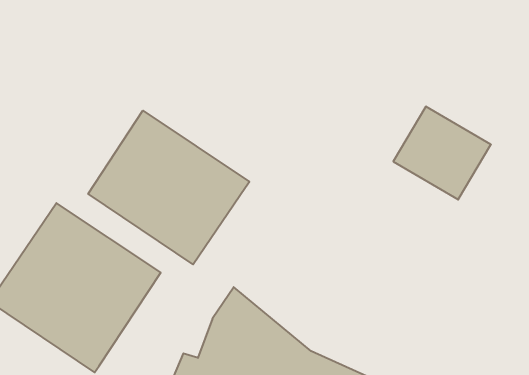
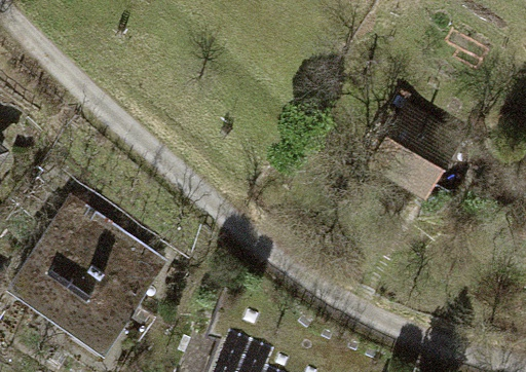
building: [88,111,249,264] -> none

